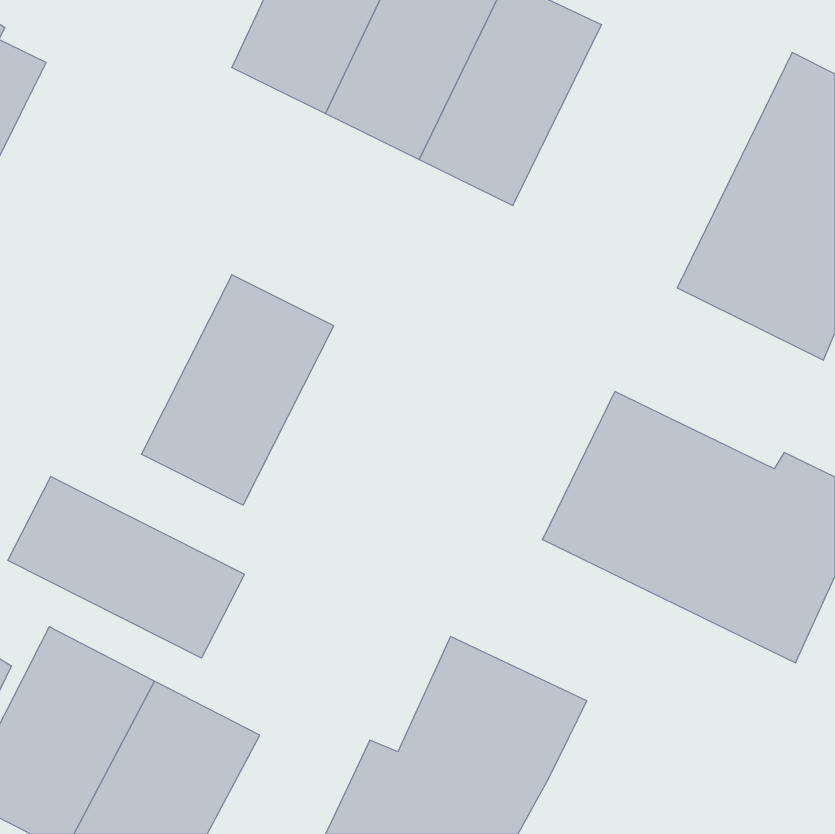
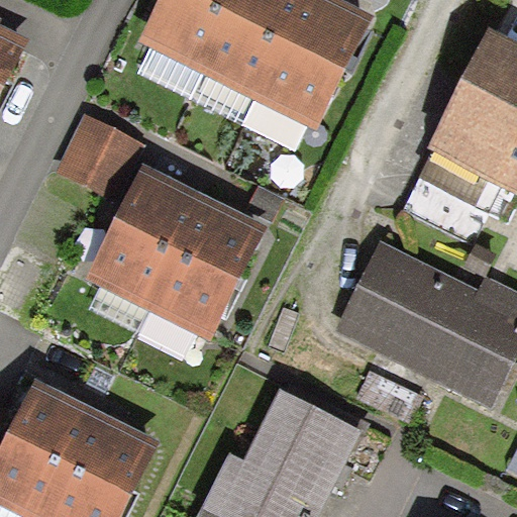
building: none -> [55,113,145,203]
building: none -> [149,200,267,341]
building: [8,476,244,658] -> none

